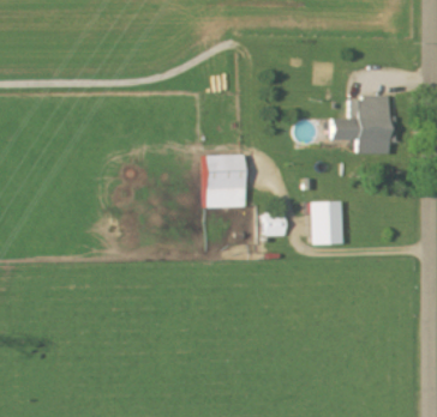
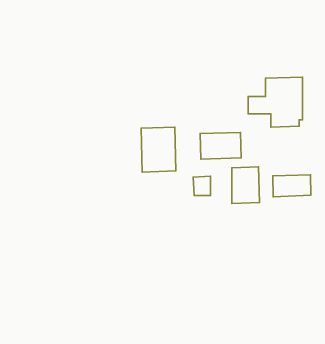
building: none -> [200,132,241,159]
building: none -> [273,175,311,197]

